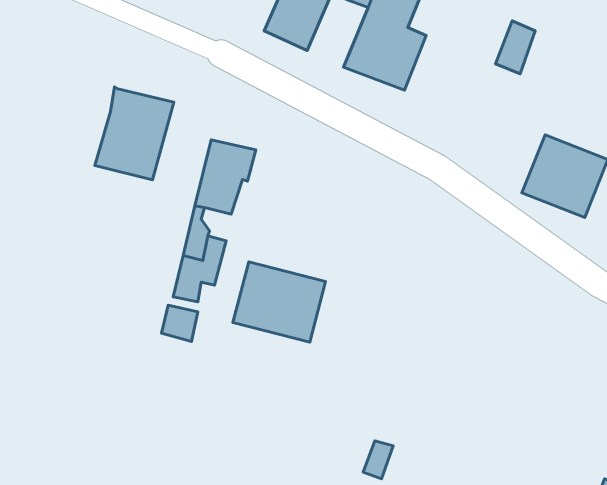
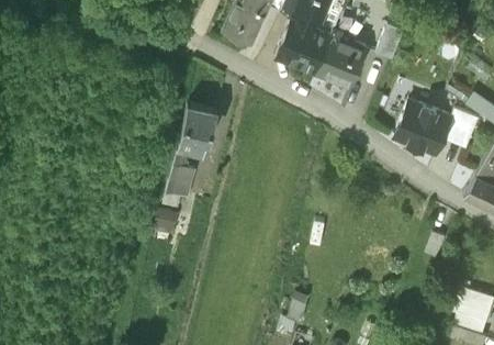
building: none -> [316,34,364,85]
building: [95,87,174,180] -> none
building: [233,262,325,342] -> none

